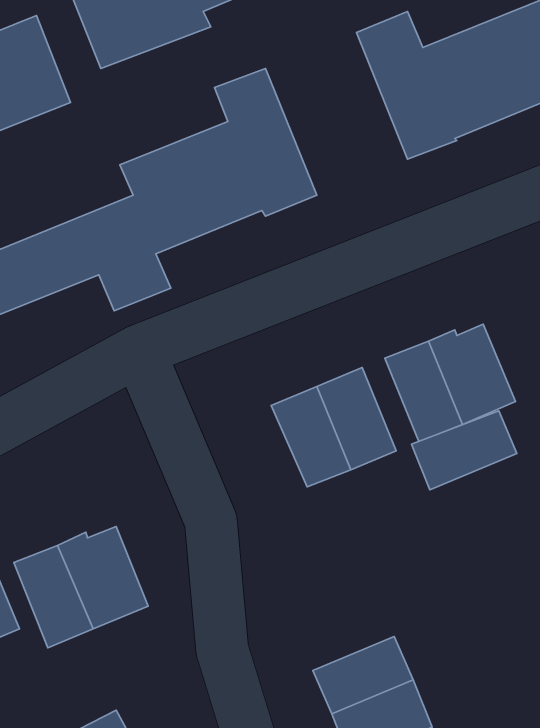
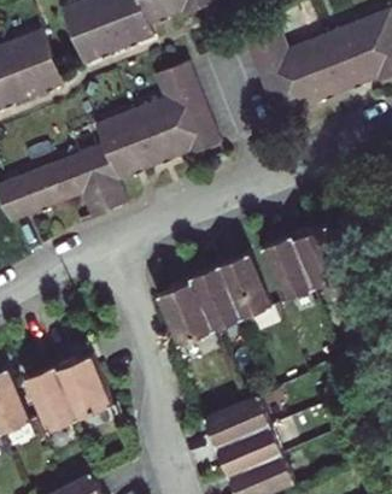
building: none -> [158,277,213,343]
building: [412,411,517,490] -> none
building: none -> [205,394,269,446]

